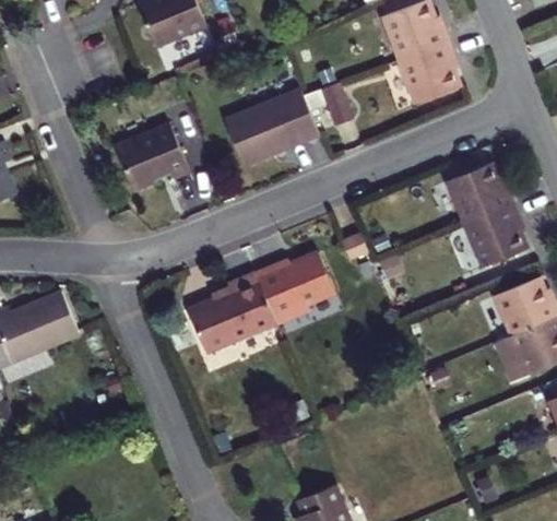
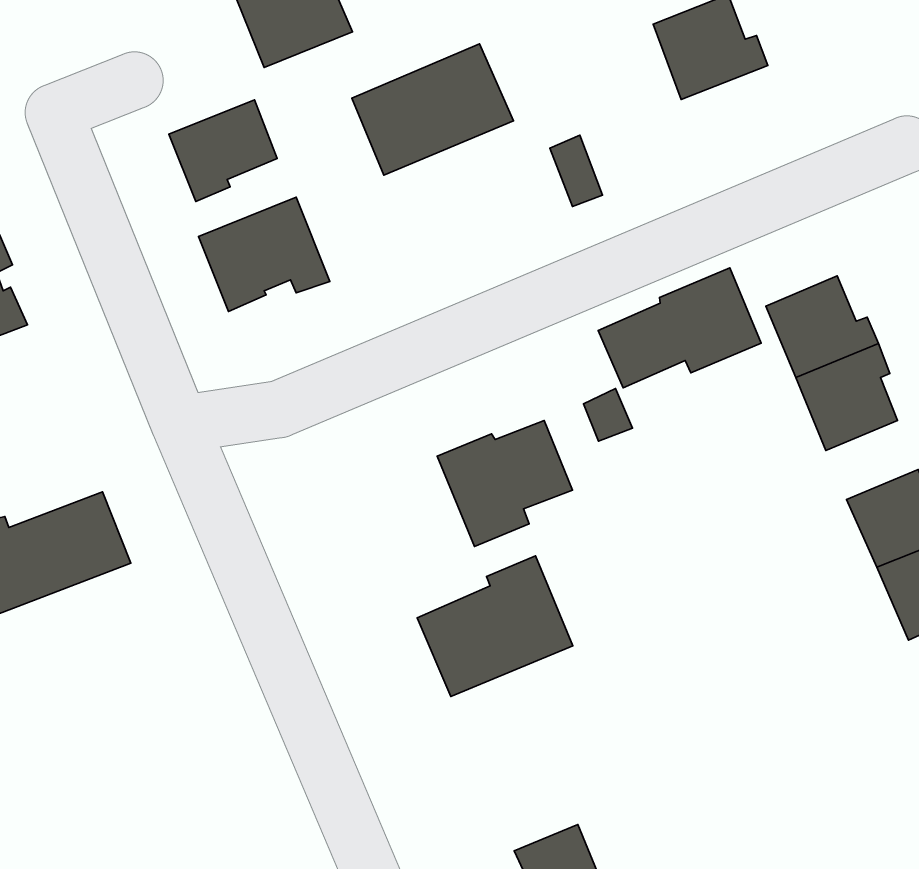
building: [398,45,458,108] -> none
building: none -> [169,100,277,202]
building: [225,88,319,165] -> [352,44,513,175]
building: none -> [598,268,761,388]
building: [187,272,277,354] -> [417,556,573,697]

